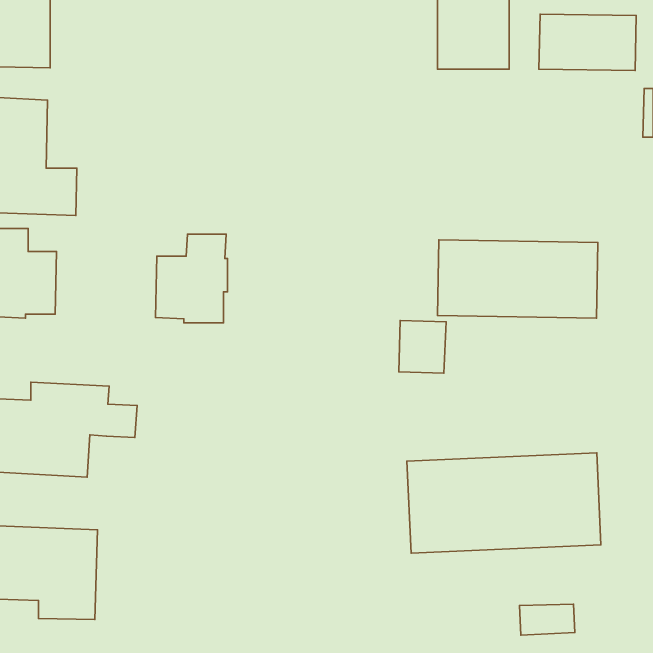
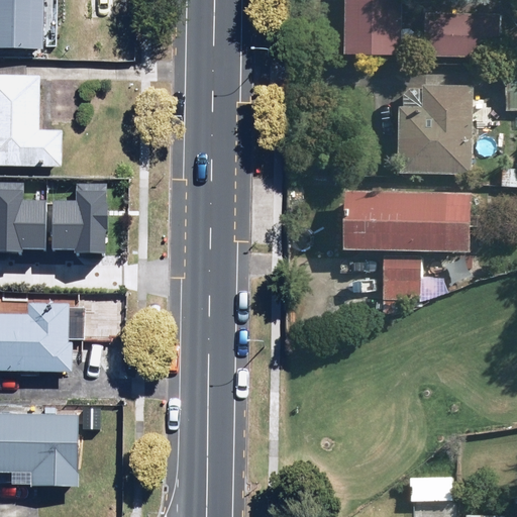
building: none -> [397,84,475,174]
building: [156,234,227,323] -> [49,182,106,251]
building: [399,321,446,373] -> [383,256,420,298]
building: [407,453,601,553] -> none

